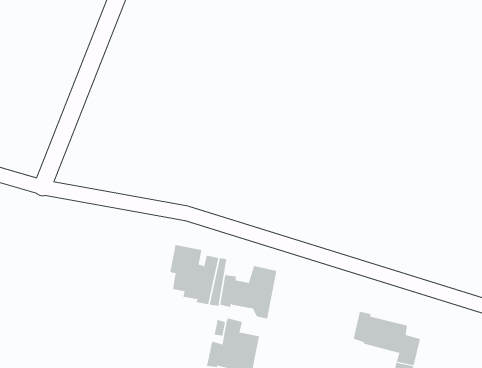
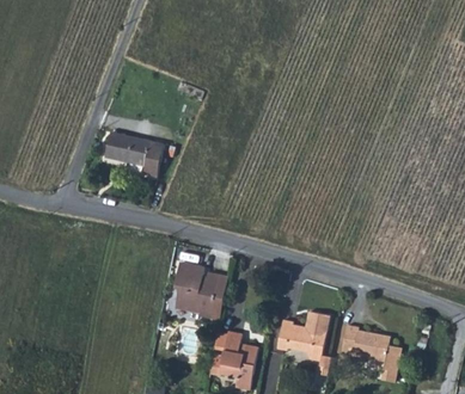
building: none -> [104,135,164,180]
building: [219,266,277,319] -> [277,310,330,359]

